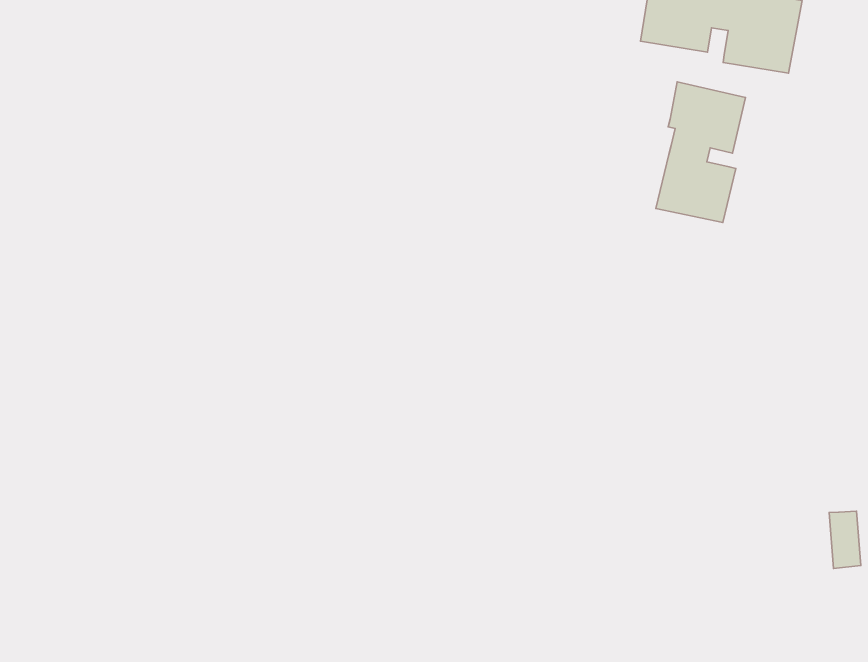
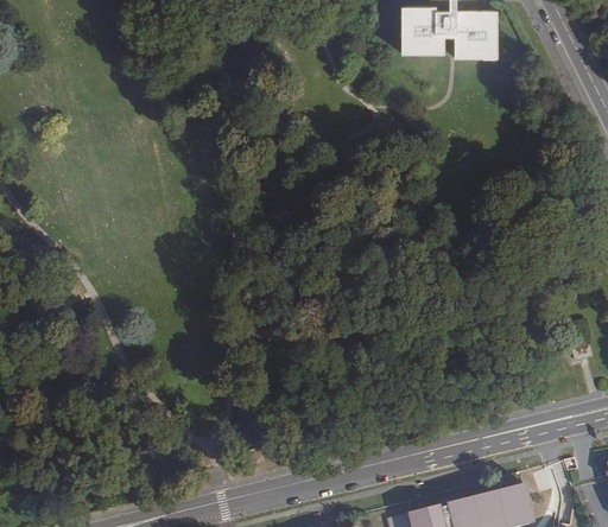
building: [656,82,746,223] -> none

